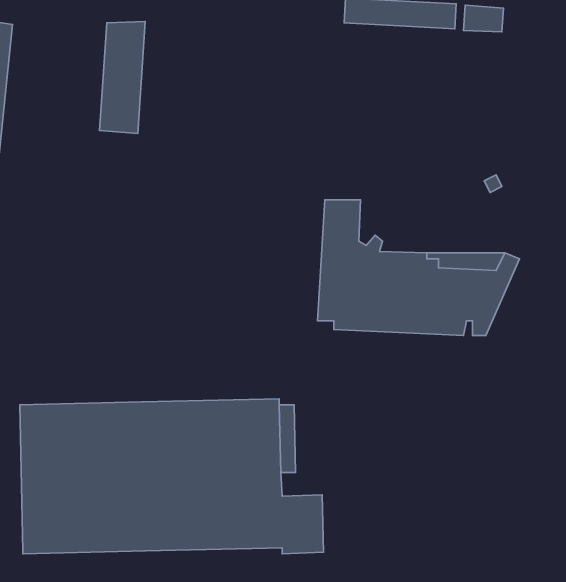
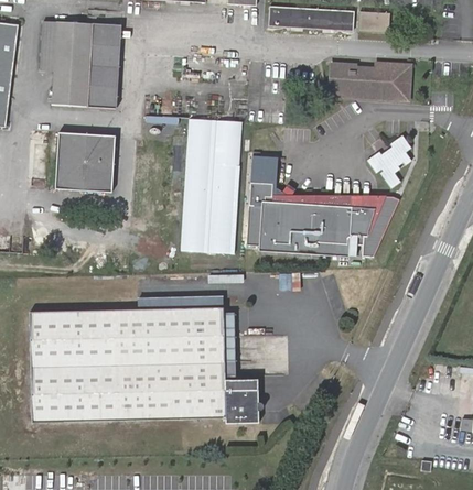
building: none -> [41,21,90,105]
building: none -> [329,63,411,100]
building: none -> [181,119,243,255]
building: none -> [54,132,112,190]
building: none -> [368,137,412,189]

